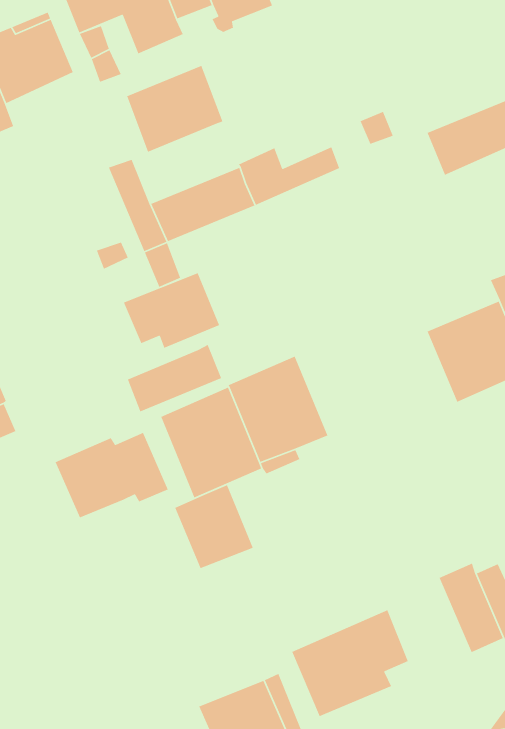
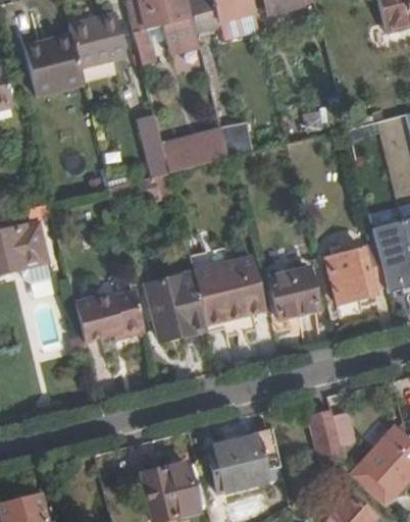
building: [126,65,223,153] -> none
building: [123,272,220,349] -> none
building: [127,344,222,412] -> none
building: none -> [267,266,318,319]
building: [174,484,254,569] -> none

